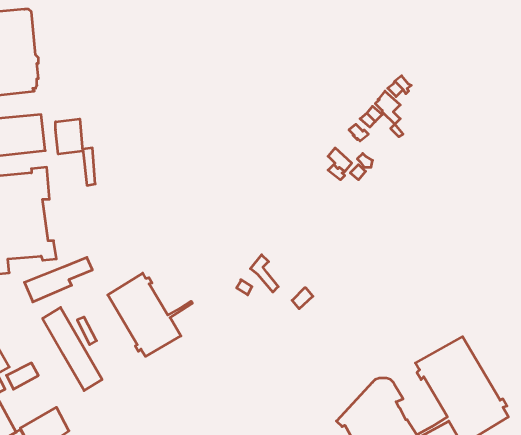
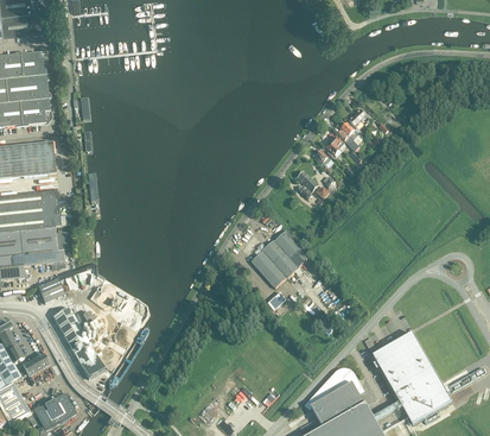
building: [56,119,82,154] -> none
building: none -> [252,230,310,289]
building: [108,273,192,356] -> none

